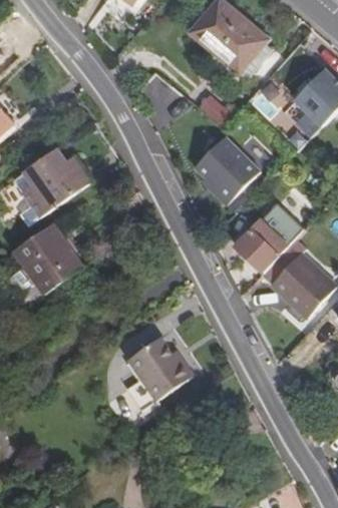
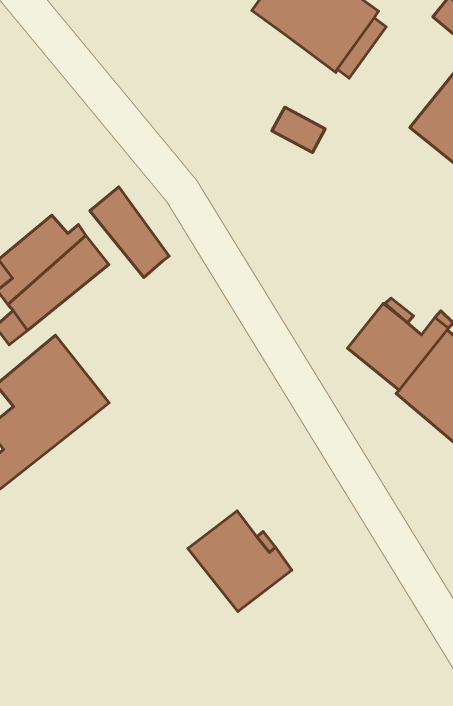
building: [191,132,264,205] -> none
building: none -> [90,187,169,278]

